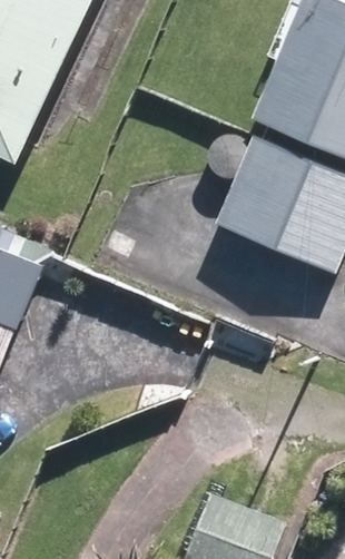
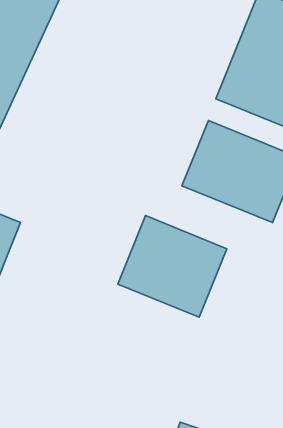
building: none -> [118,216,227,317]

